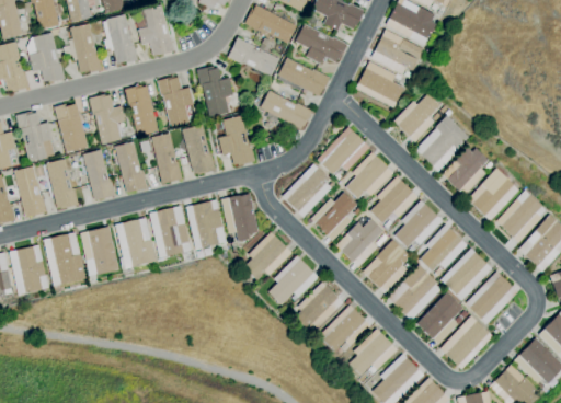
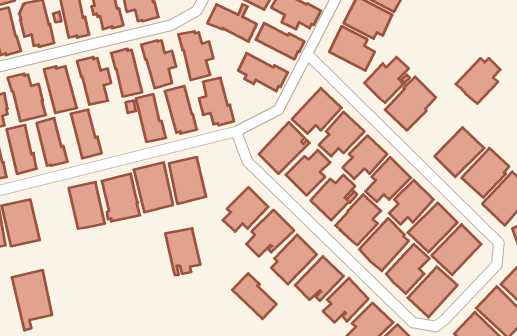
building: [115,141,147,192] -> none
building: [442,147,489,195] -> [456,58,500,104]
building: [221,193,259,242] -> [165,228,200,275]
building: [43,231,85,295] -> [12,270,52,330]
building: none -> [232,273,276,319]

